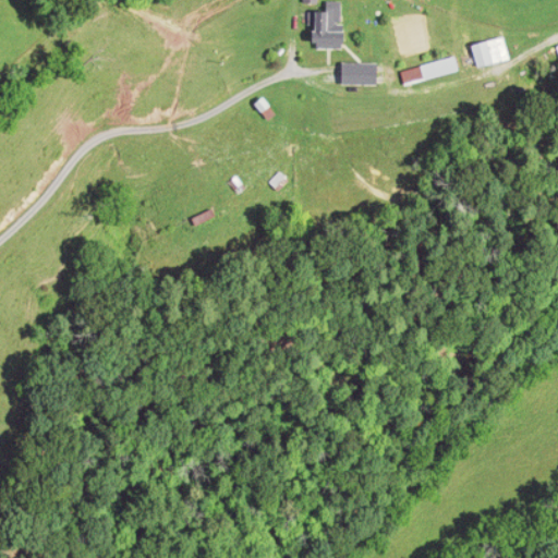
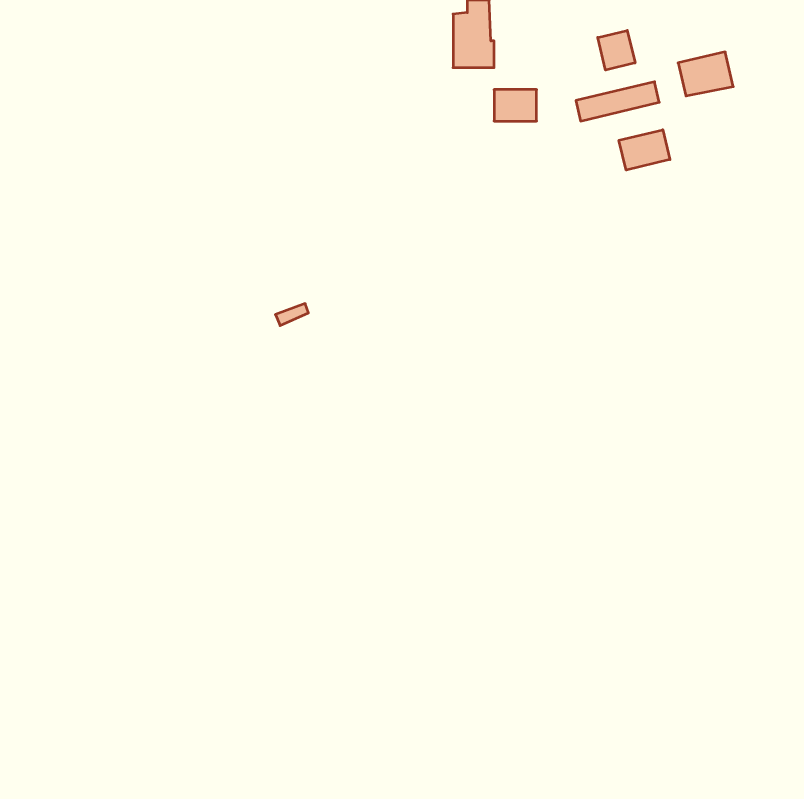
building: none -> [598,30,635,70]
building: none -> [619,130,670,170]

